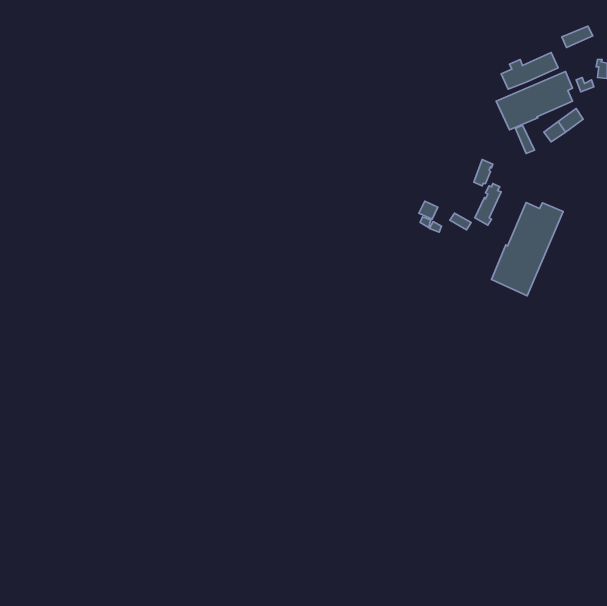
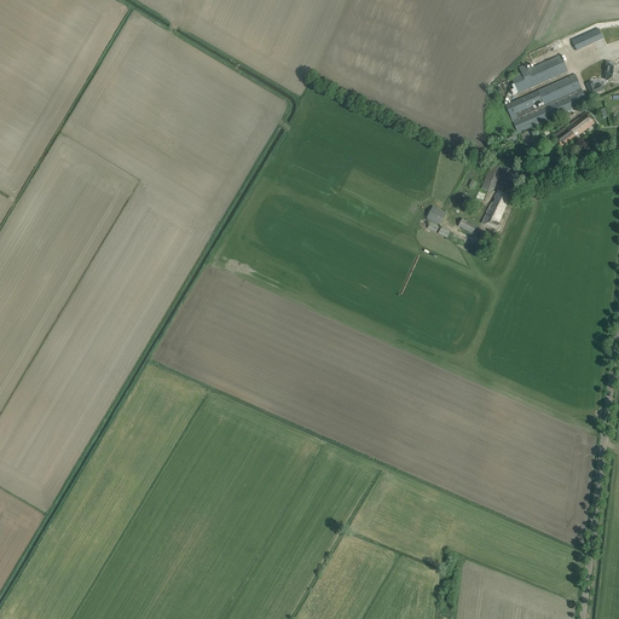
building: [491,203,563,296] -> none

